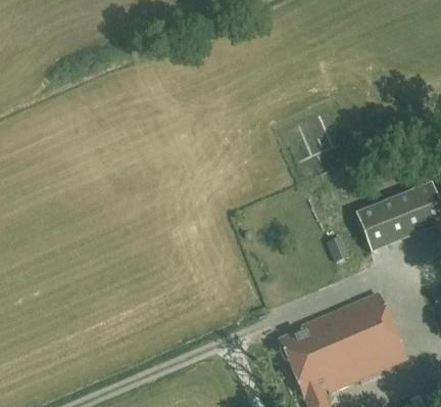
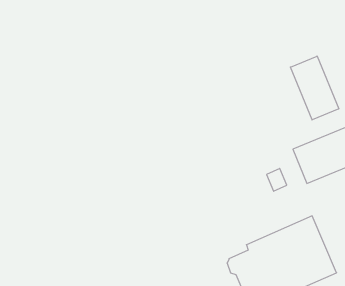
building: none -> [290,56,339,120]

